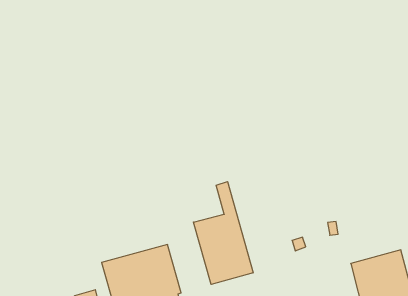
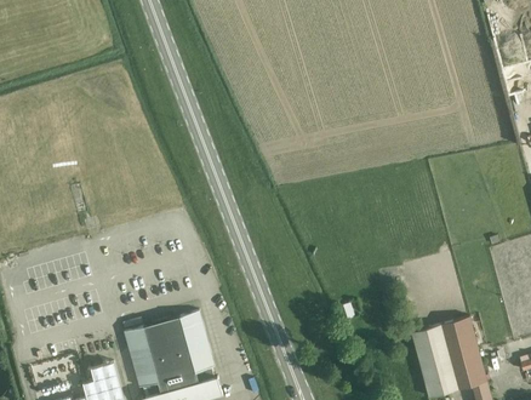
building: [193,182,253,284] -> none

